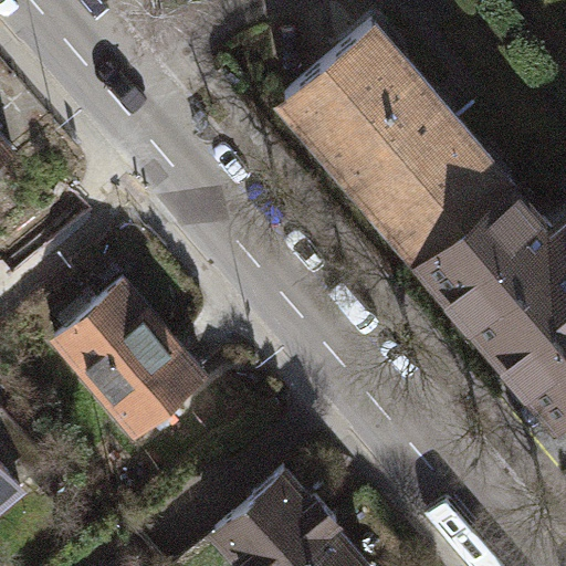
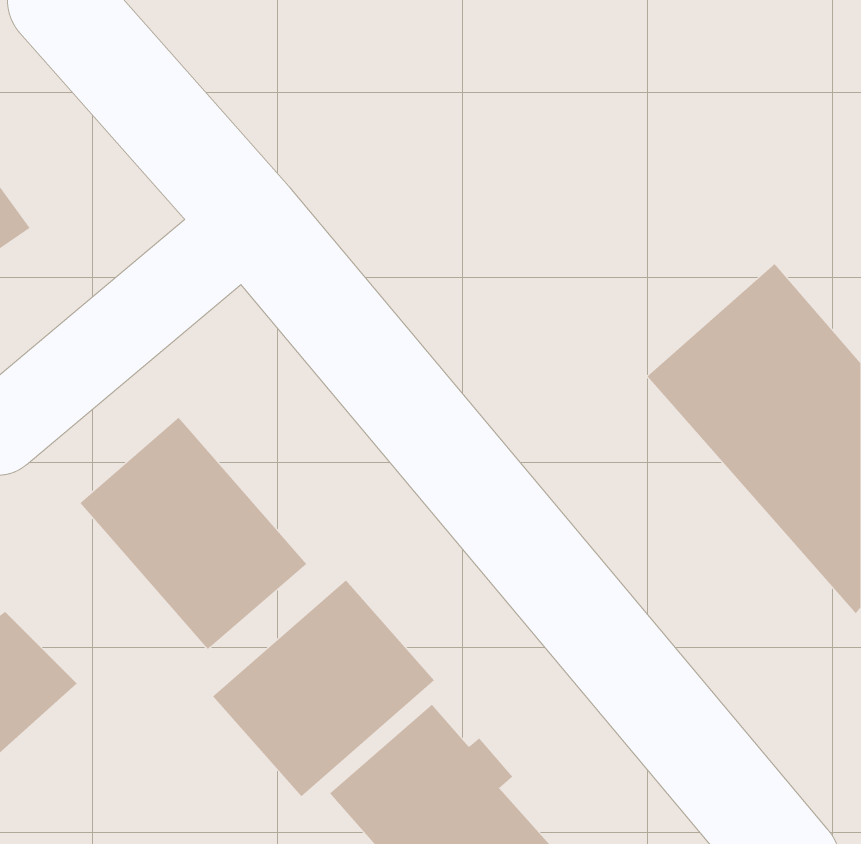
building: [285,29,507,259] -> none
building: none -> [212,579,435,797]

